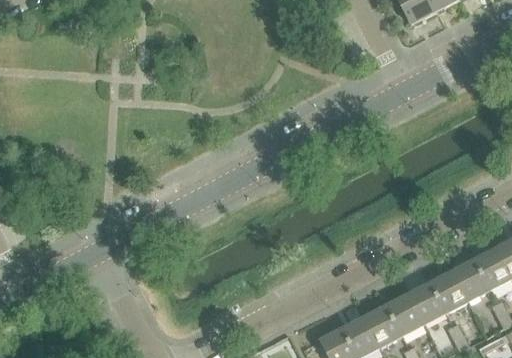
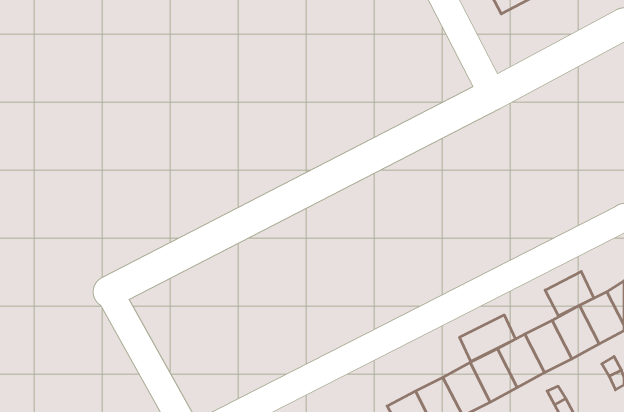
building: none -> [545,271,594,316]
building: none -> [460,315,515,361]

